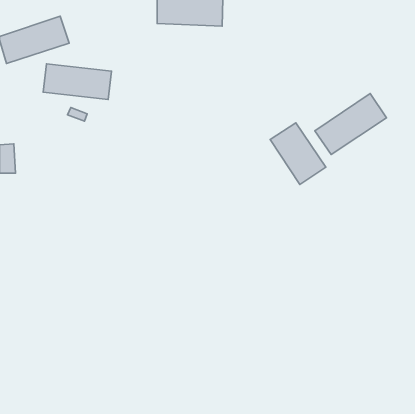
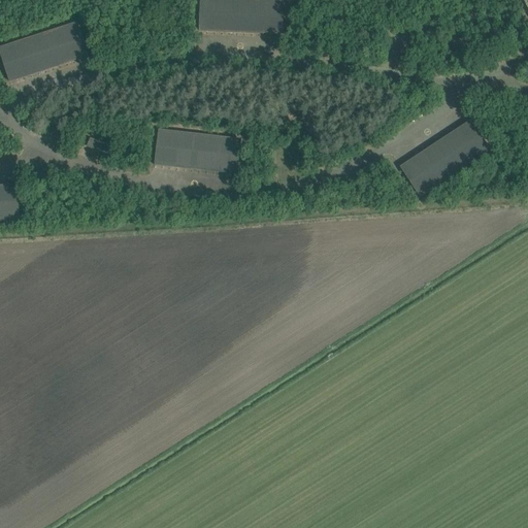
building: [43,64,111,100] -> [154,128,240,173]
building: [270,123,326,185] -> none

